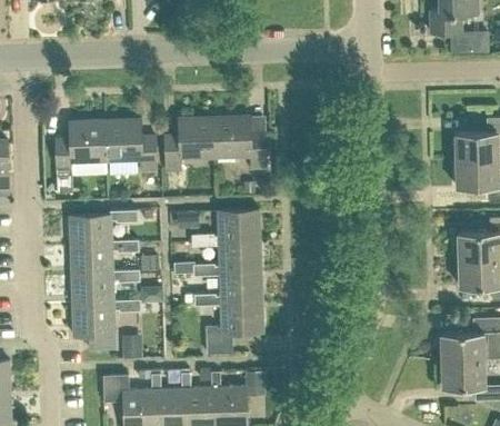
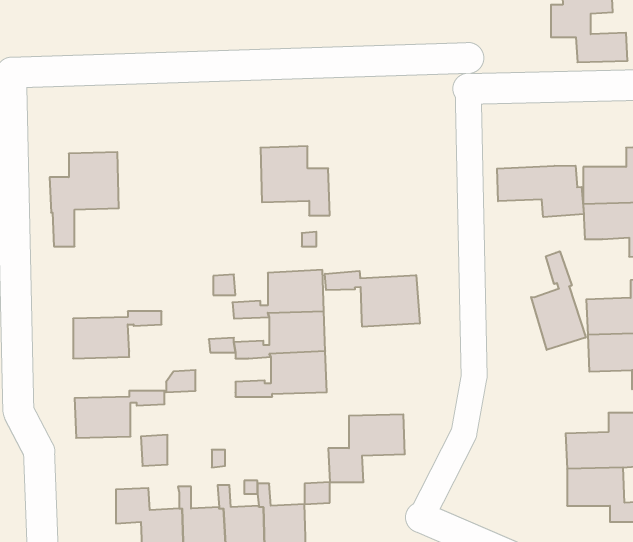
building: [162,118,213,172] -> none
building: [104,120,156,174] -> none
building: none -> [497,166,584,217]
building: none -> [531,251,586,350]
building: none -> [325,271,420,327]
building: [70,211,137,247] -> none
building: [71,270,139,307] -> none
building: [206,303,263,354] -> [328,414,405,482]

